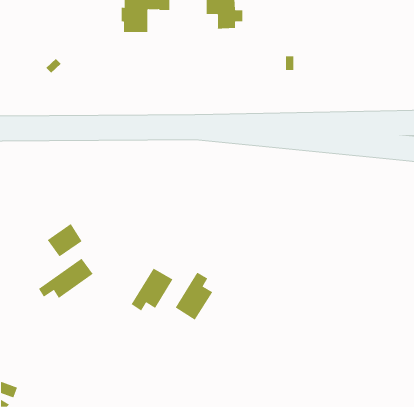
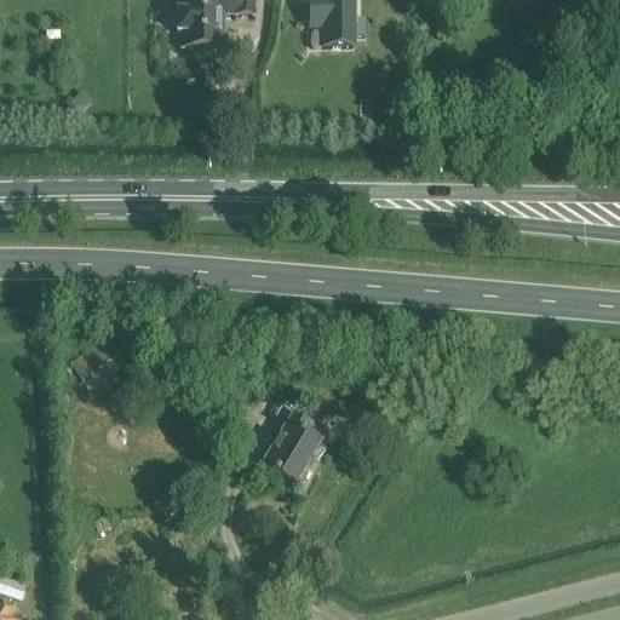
building: [38,258,94,299] -> none
building: [131,268,173,311] -> none

